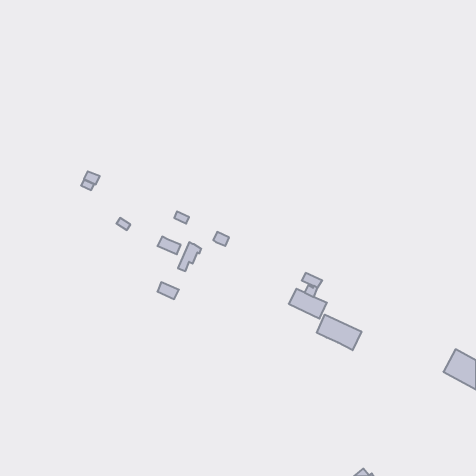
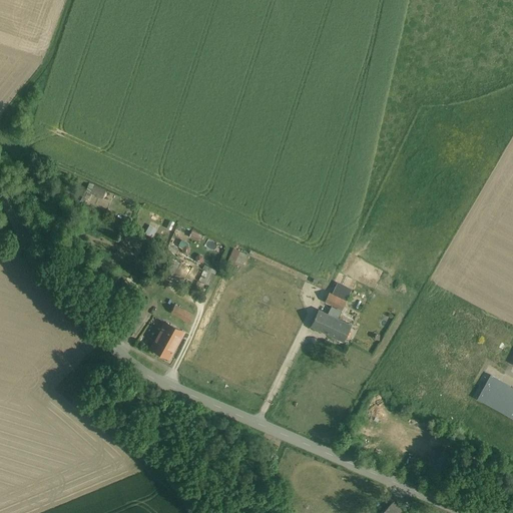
building: none -> [151,322,183,358]
building: [317,315,361,350] -> none

